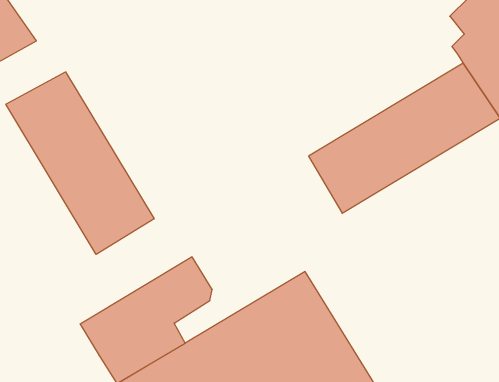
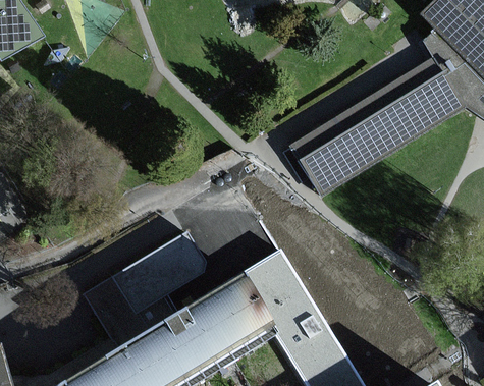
building: [6,72,154,254] -> none

